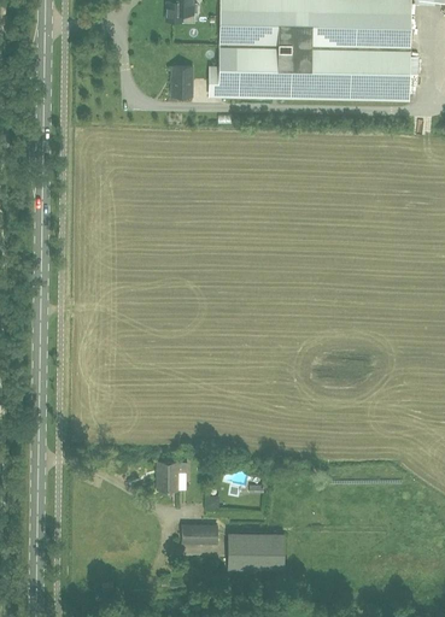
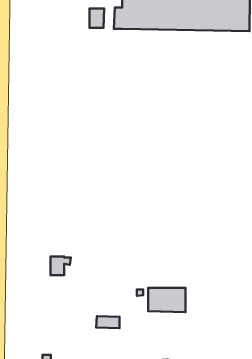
building: [158,460,188,488] -> [50,257,71,275]
building: [229,533,285,569] -> [148,288,186,312]

